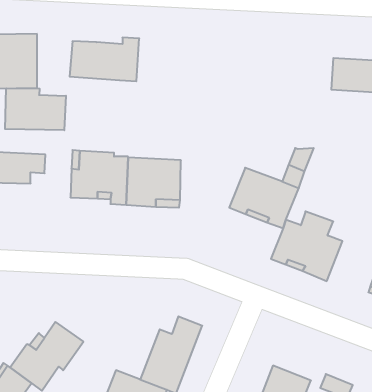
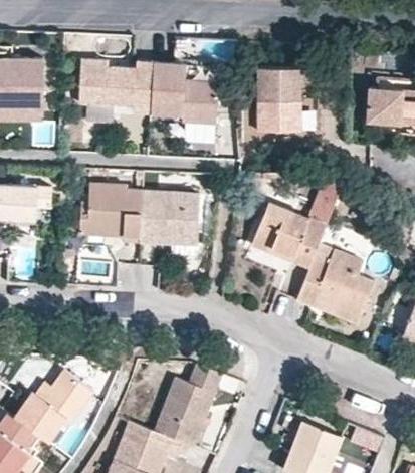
building: none -> [152,63,220,125]
building: none -> [253,65,296,129]
building: [5,88,66,130] -> none

